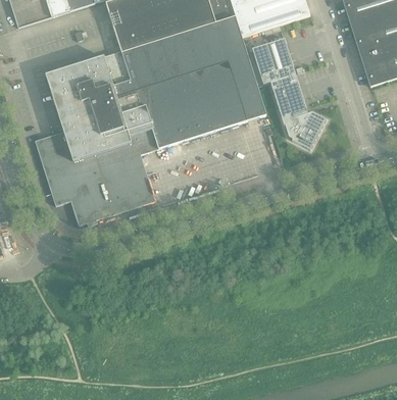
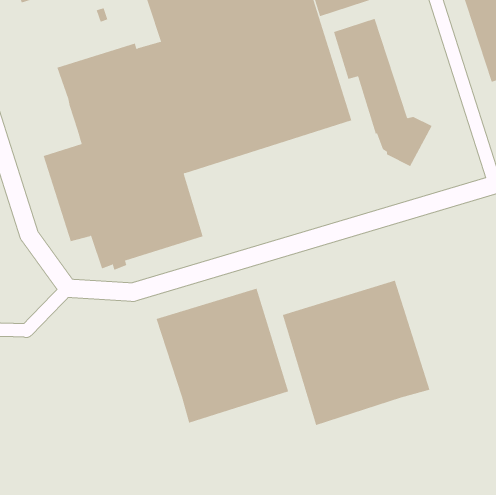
building: none -> [282,280,430,426]
building: none -> [156,288,289,424]

